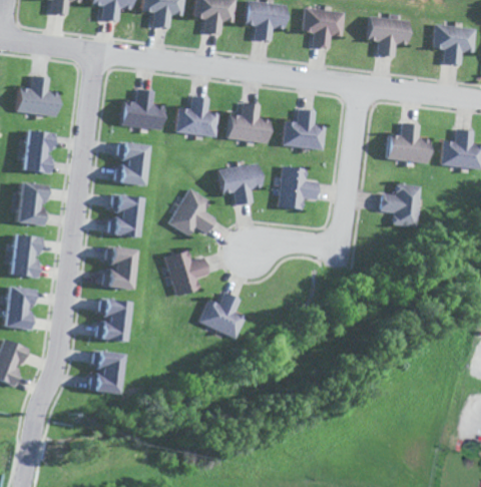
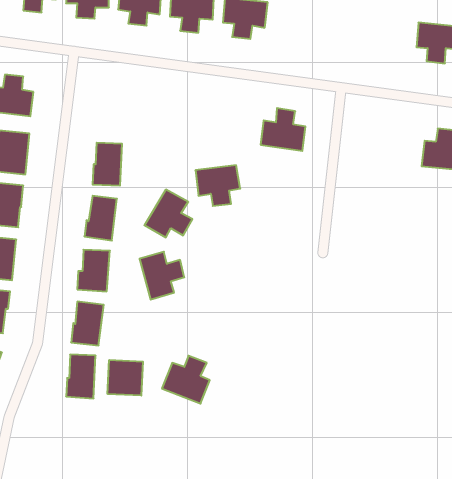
building: [304,7,348,47] -> none
building: [370,16,413,56] -> none
building: [121,88,165,129] -> none
building: [176,96,220,136] -> none
building: [227,102,271,141] -> none
building: [387,122,430,161] -> none
building: [279,165,319,209] -> none
building: [381,183,422,226] -> none
building: [196,293,244,340] -> [162,356,210,404]
building: none -> [108,360,143,396]

